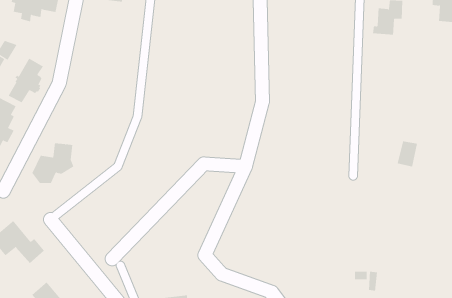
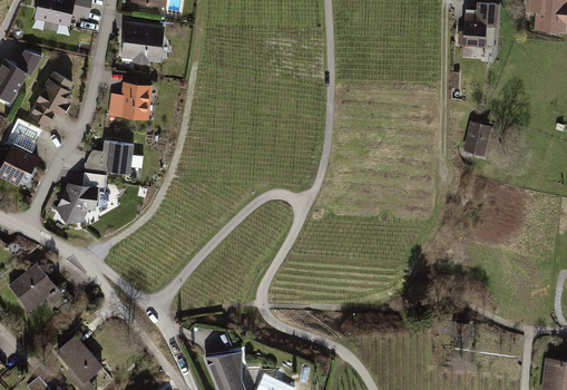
building: none -> [120,23,163,62]
building: none -> [110,86,149,118]
building: none -> [98,142,134,175]
building: [397,141,418,167] -> [465,124,489,155]

